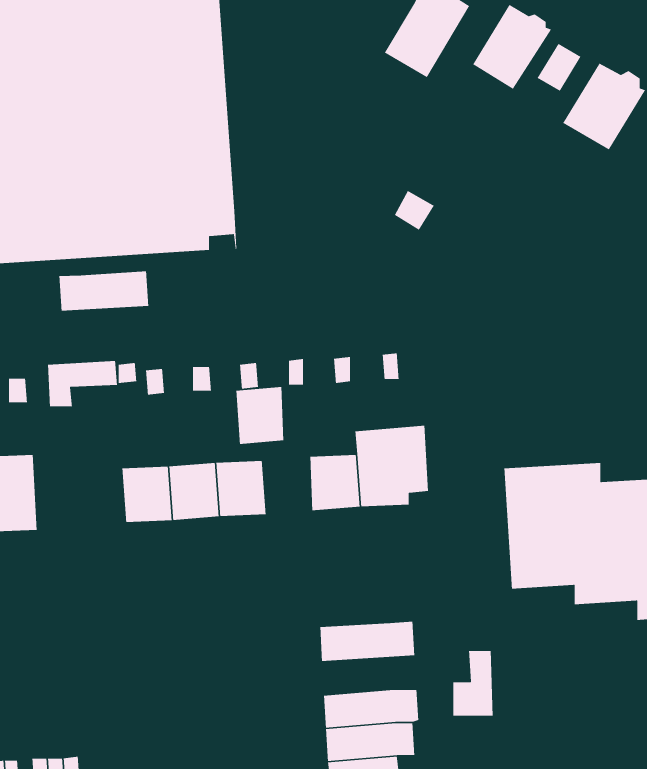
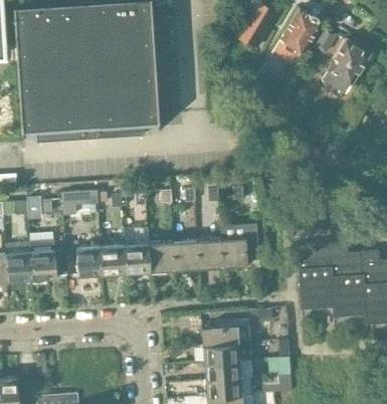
building: [58,271,149,312] -> none
building: [235,386,284,445] -> [173,240,198,270]
building: none -> [76,246,103,276]
building: none -> [203,343,252,363]

